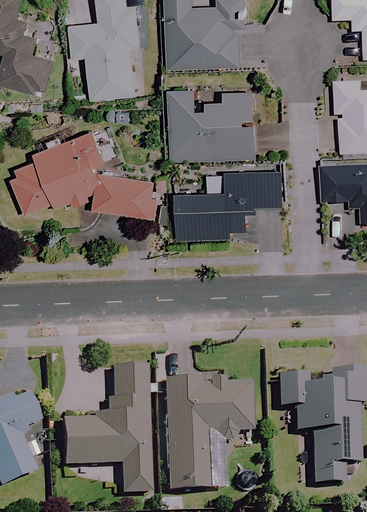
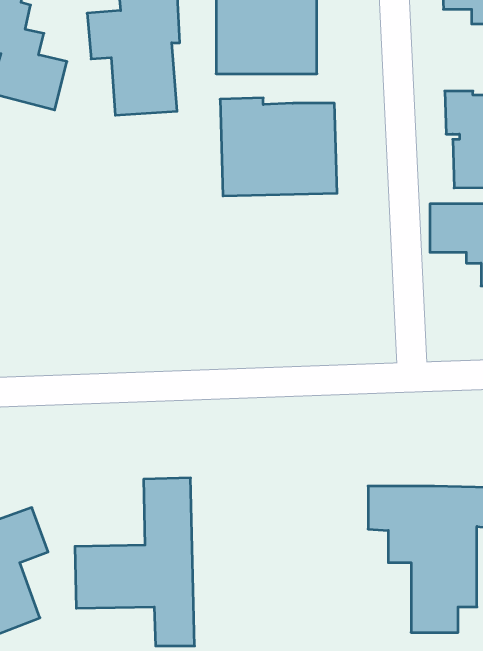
building: [8,129,158,216] -> none
building: [171,167,280,236] -> none
building: [169,374,256,485] -> none

